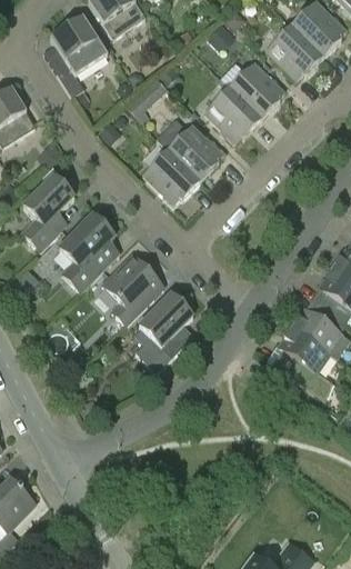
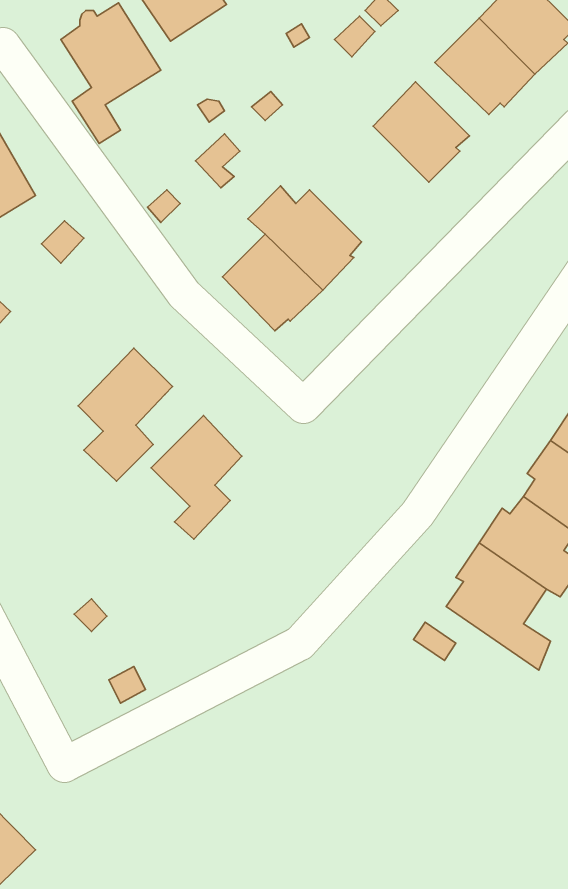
building: [204,87,262,142] -> none
building: [22,176,74,250] -> none
building: [136,293,194,372] -> none

